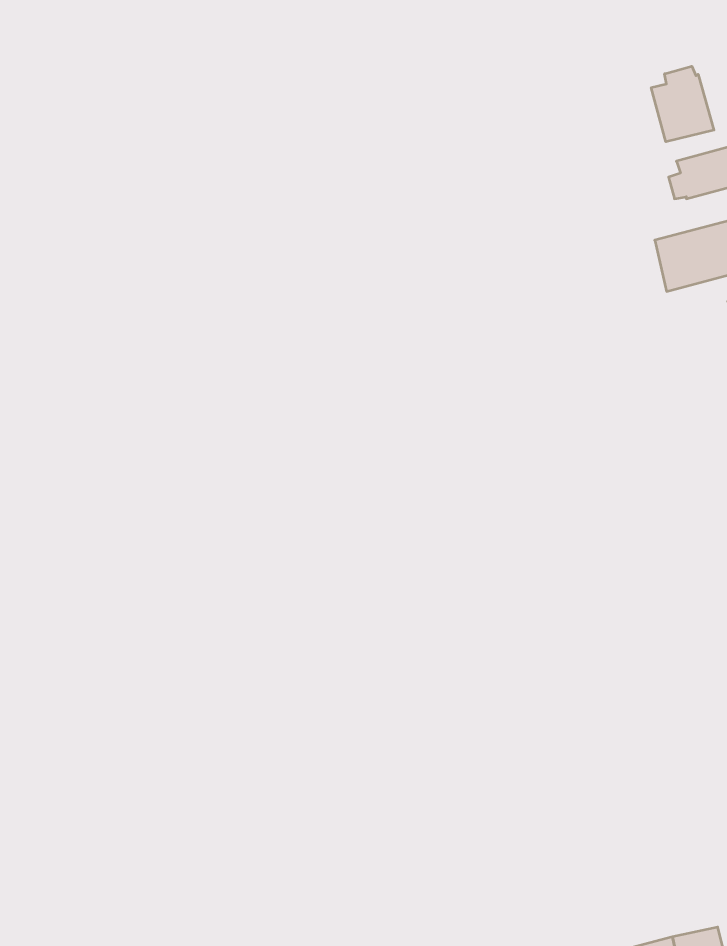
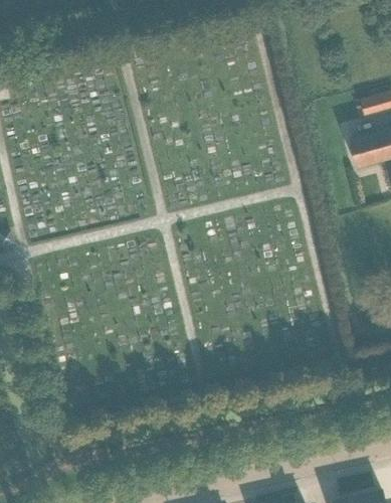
building: [651,66,714,142] -> none

